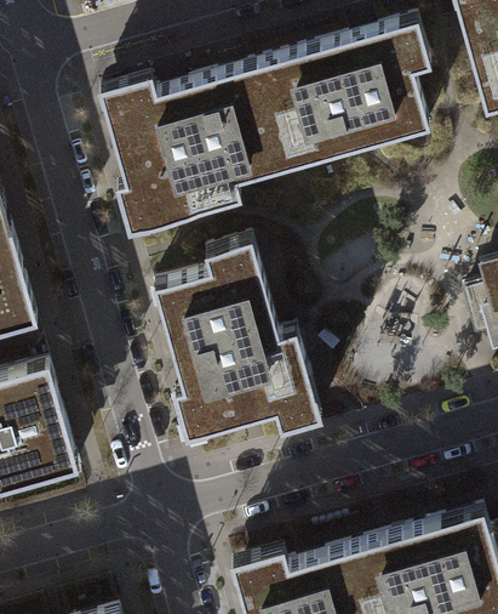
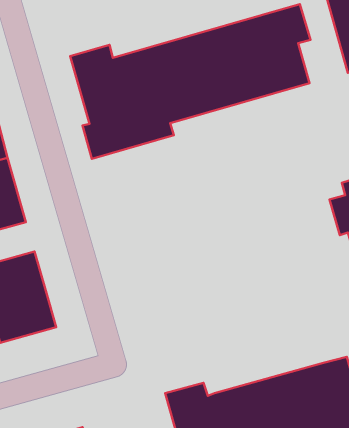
building: [154,239,324,439] -> none

